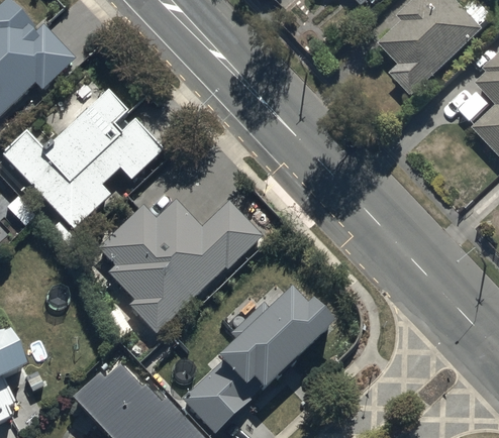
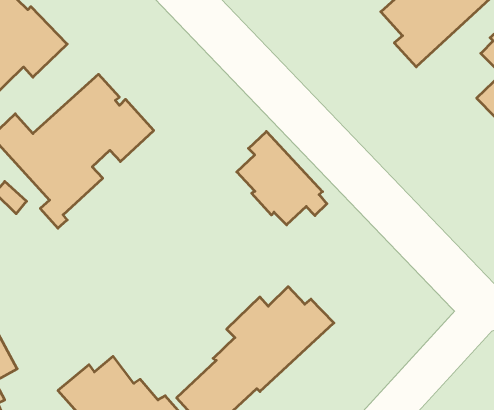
building: none -> [237,131,327,225]
building: [100,200,262,334] -> none

